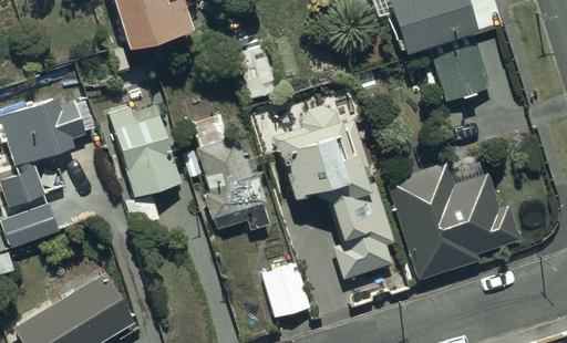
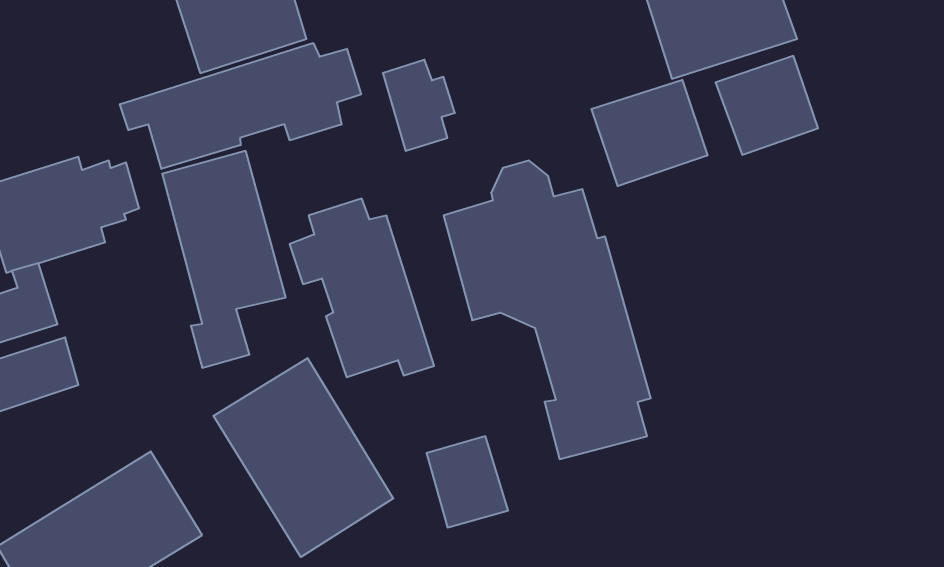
building: none -> [120,43,361,169]
building: none -> [591,80,707,186]
building: [385,159,519,281] -> none
building: none -> [213,358,393,557]

